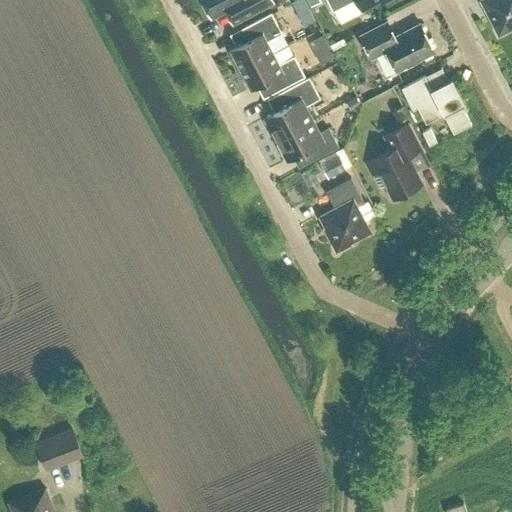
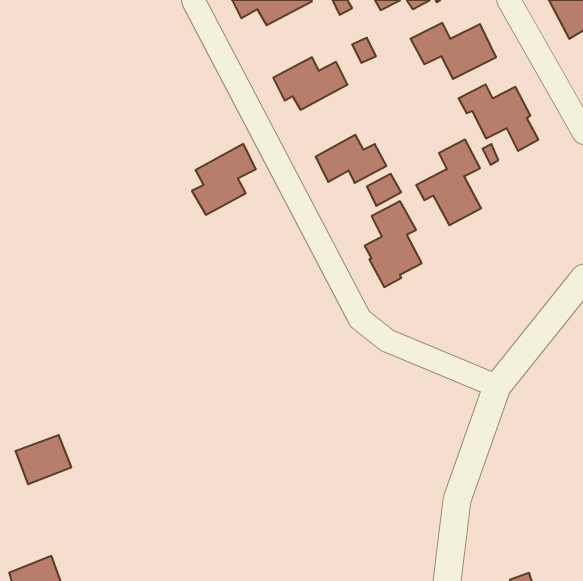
building: [230,14,283,71] -> none
building: [265,78,321,140] -> [192,144,256,215]
building: [36,428,85,471] -> [15,435,71,484]

